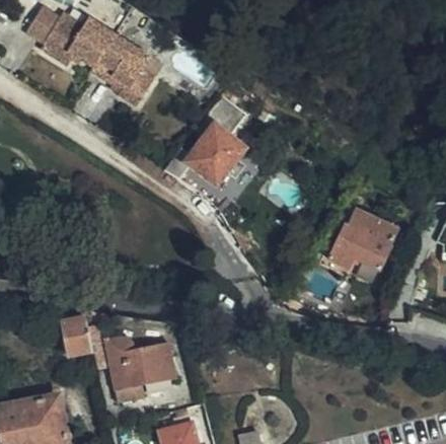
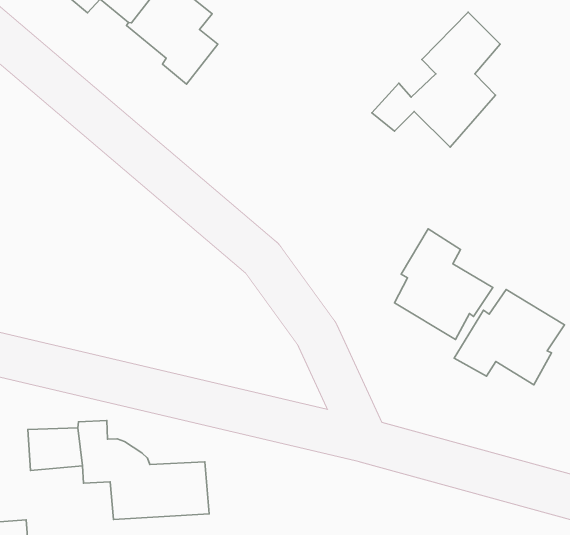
building: [164,94,243,183] -> [372,12,500,147]
building: none -> [395,229,493,339]

